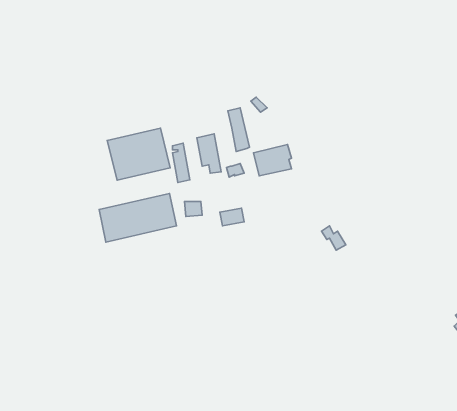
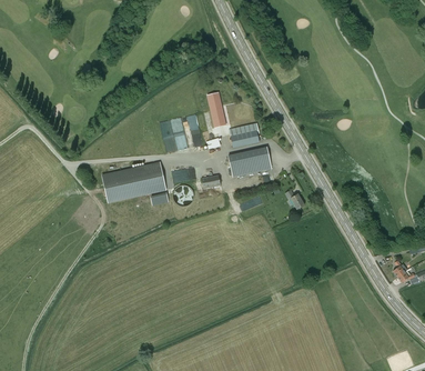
building: [107,128,170,180] -> none
building: none -> [227,146,272,178]

